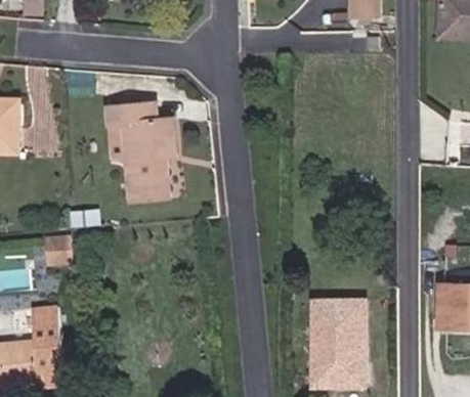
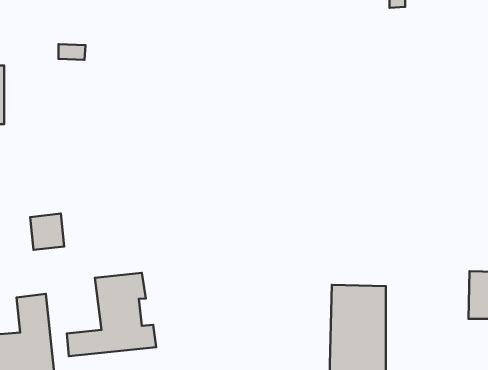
building: [106,103,174,202] -> none
building: none -> [67,273,156,356]

